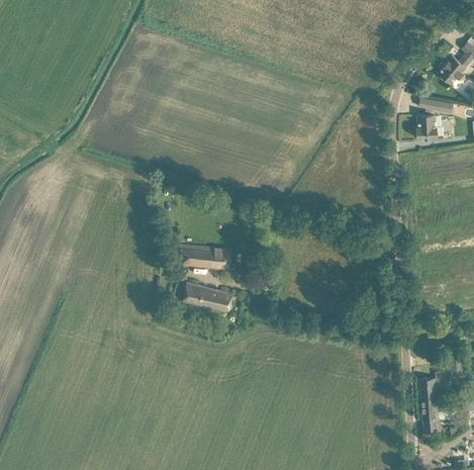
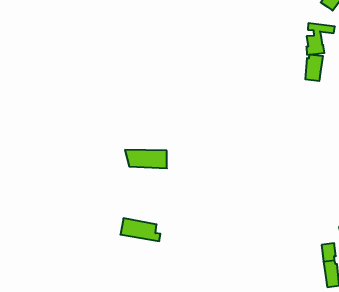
building: none -> [305,54,323,81]
building: [182,282,232,313] -> [120,218,160,241]

